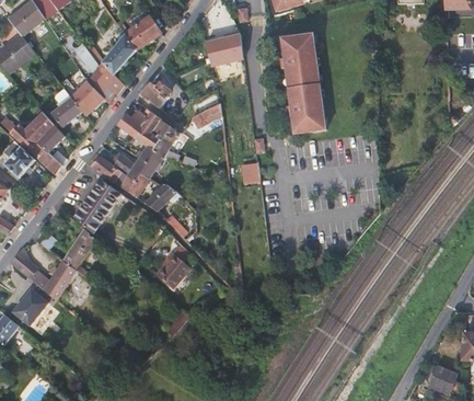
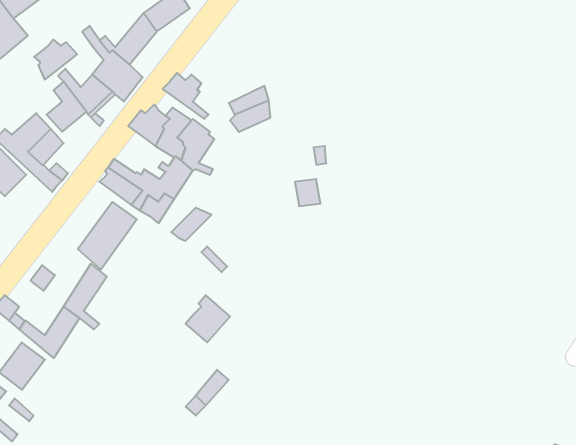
building: [205,33,243,67] -> none
building: [280,33,325,133] -> none
building: none -> [34,40,77,80]

